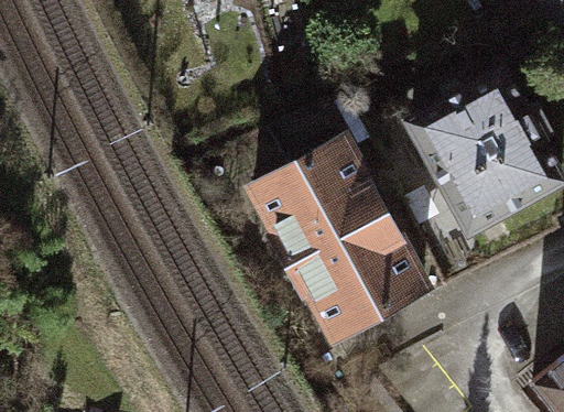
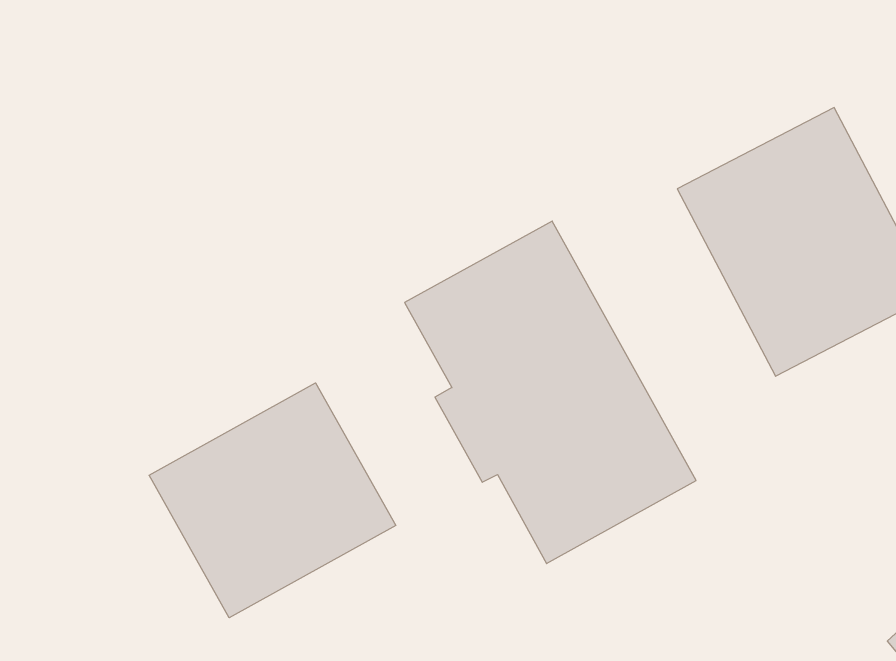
building: none -> [149,383,396,618]

